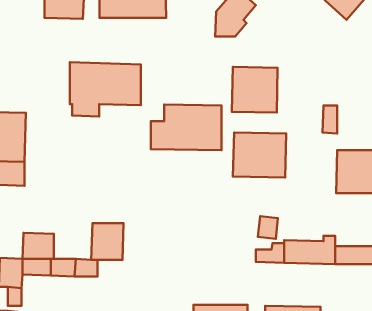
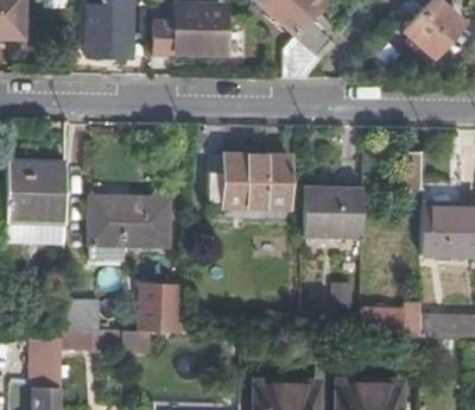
building: [70,62,141,117] -> [89,197,170,259]
building: [232,67,278,113] -> none

